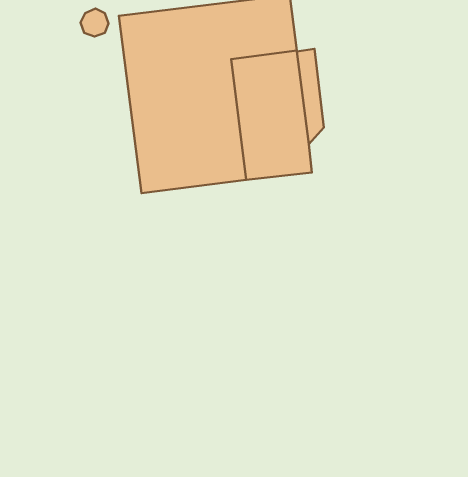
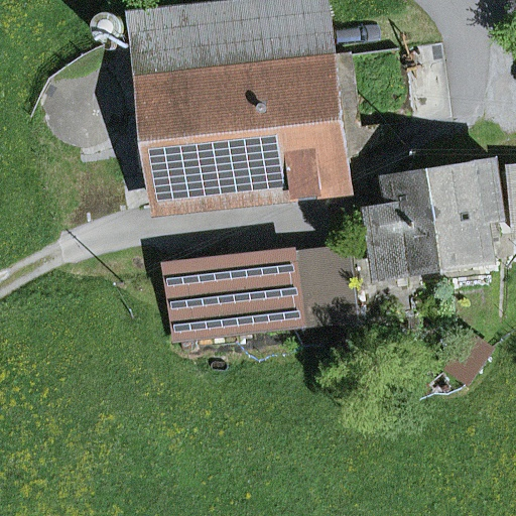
building: none -> [364,162,492,274]
building: none -> [161,256,349,339]

